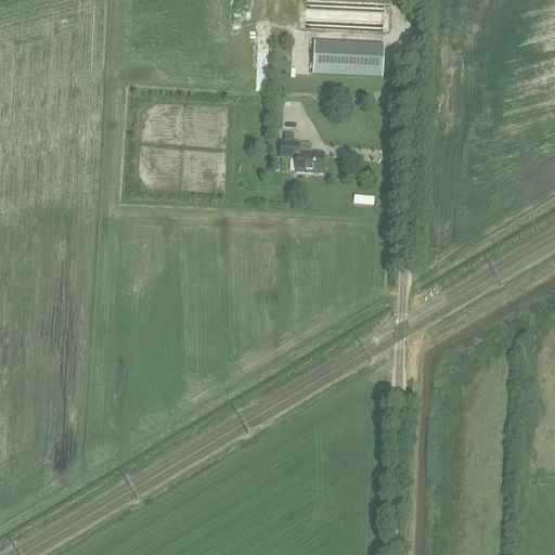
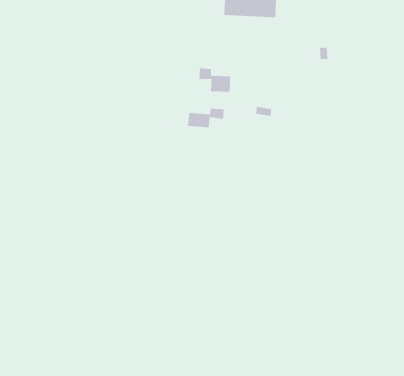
building: none -> [188,108,224,128]

